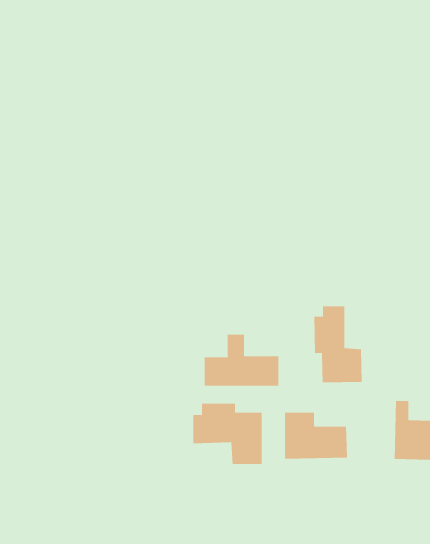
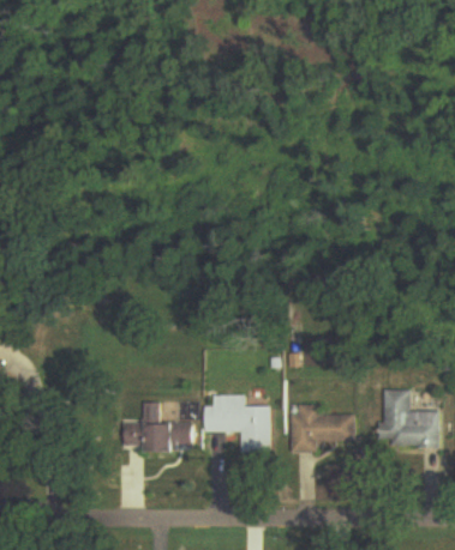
building: [314,306,362,383] -> none
building: [204,334,279,386] -> [121,401,192,451]

